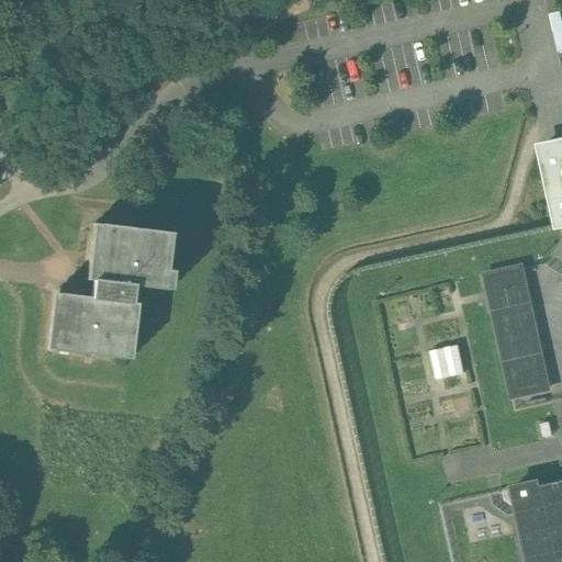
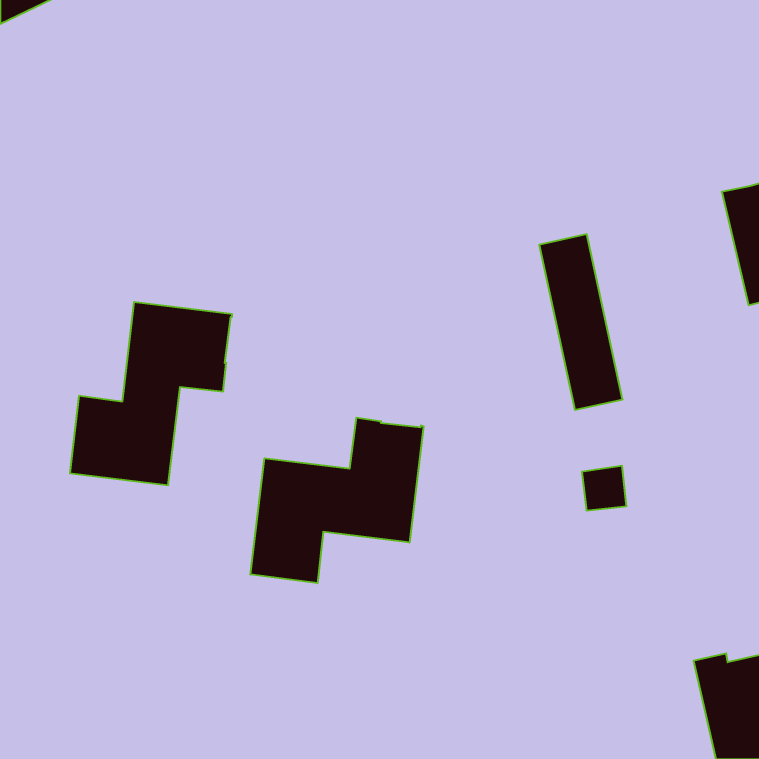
building: [486,267,548,396] -> [539,234,623,410]
building: none -> [250,418,424,583]

